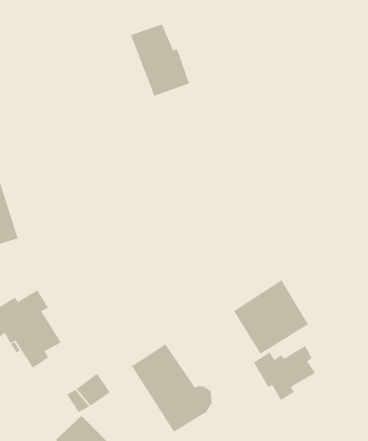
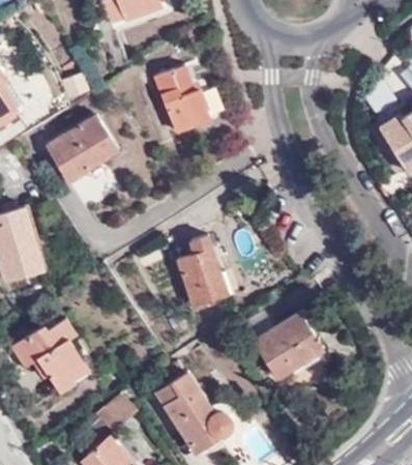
building: none -> [46,113,120,183]
building: none -> [177,235,230,308]
building: [253,346,316,401] -> none

